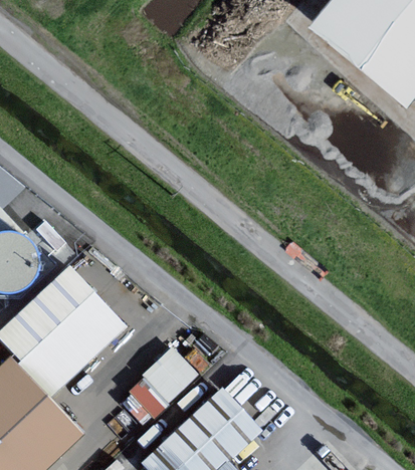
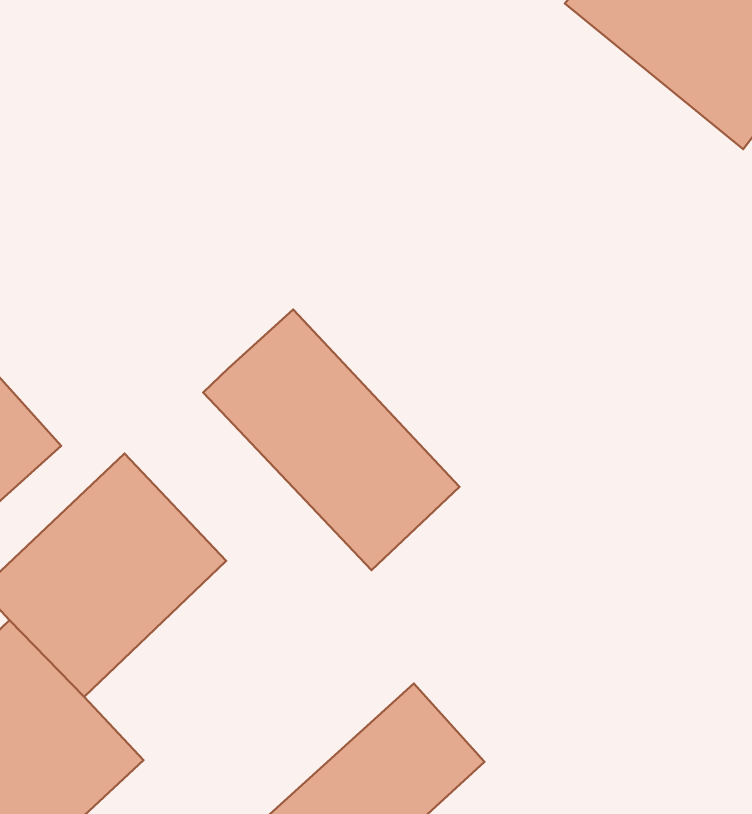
building: none -> [203,310,460,570]
building: [119,343,199,421] -> none

